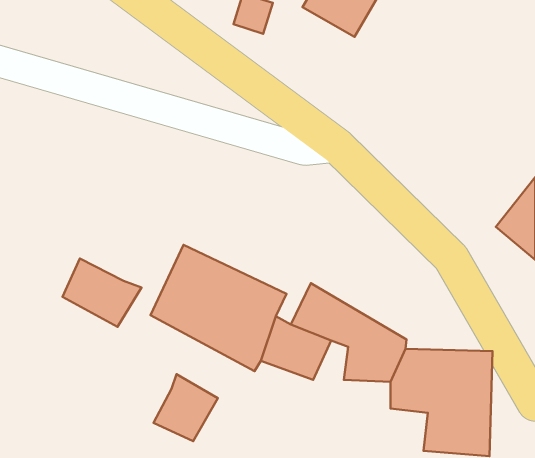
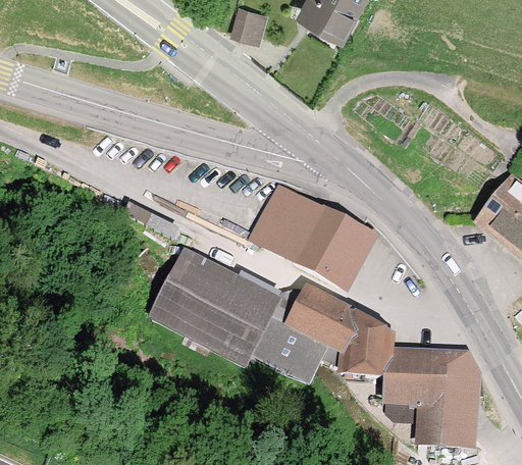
building: none -> [251,186,385,297]
building: [62,258,141,327] -> none
building: [153,374,218,441] -> none

